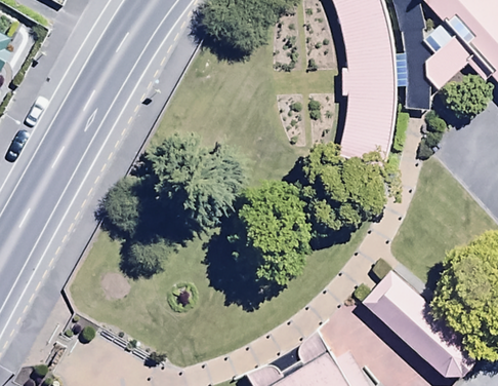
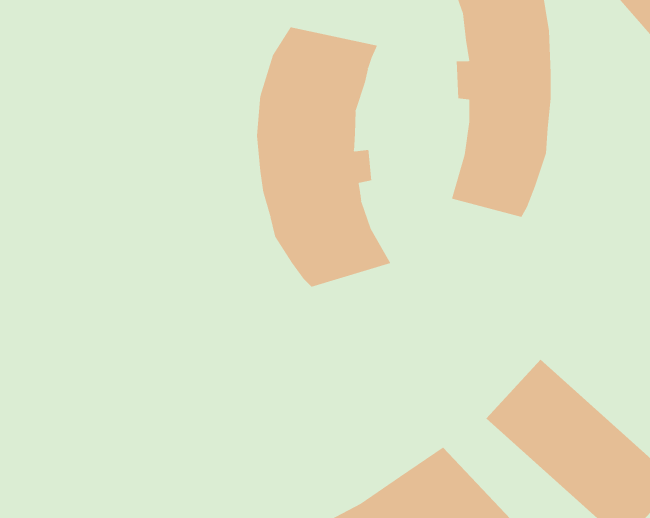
building: none -> [256,26,391,288]

